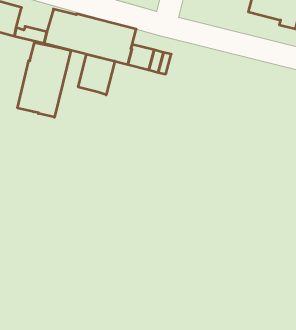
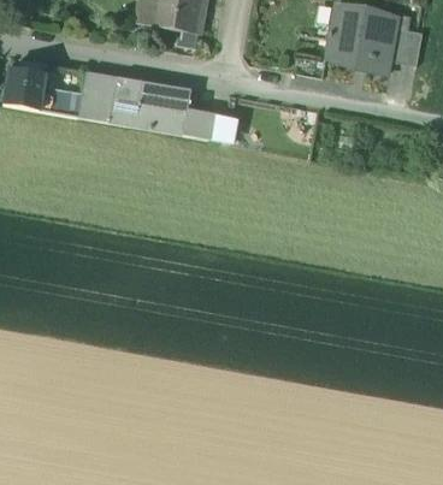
building: [18,42,71,117] -> none
building: [78,54,115,95] -> none

